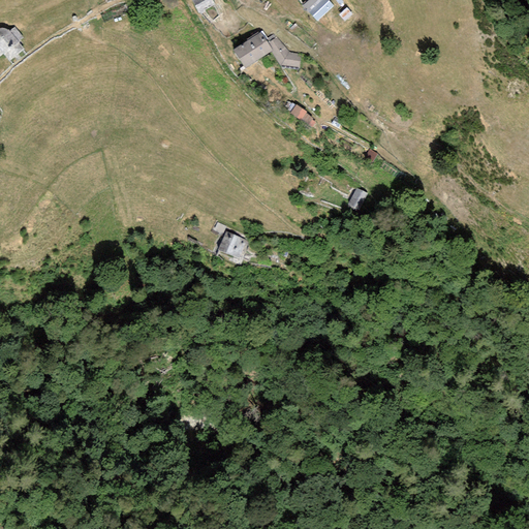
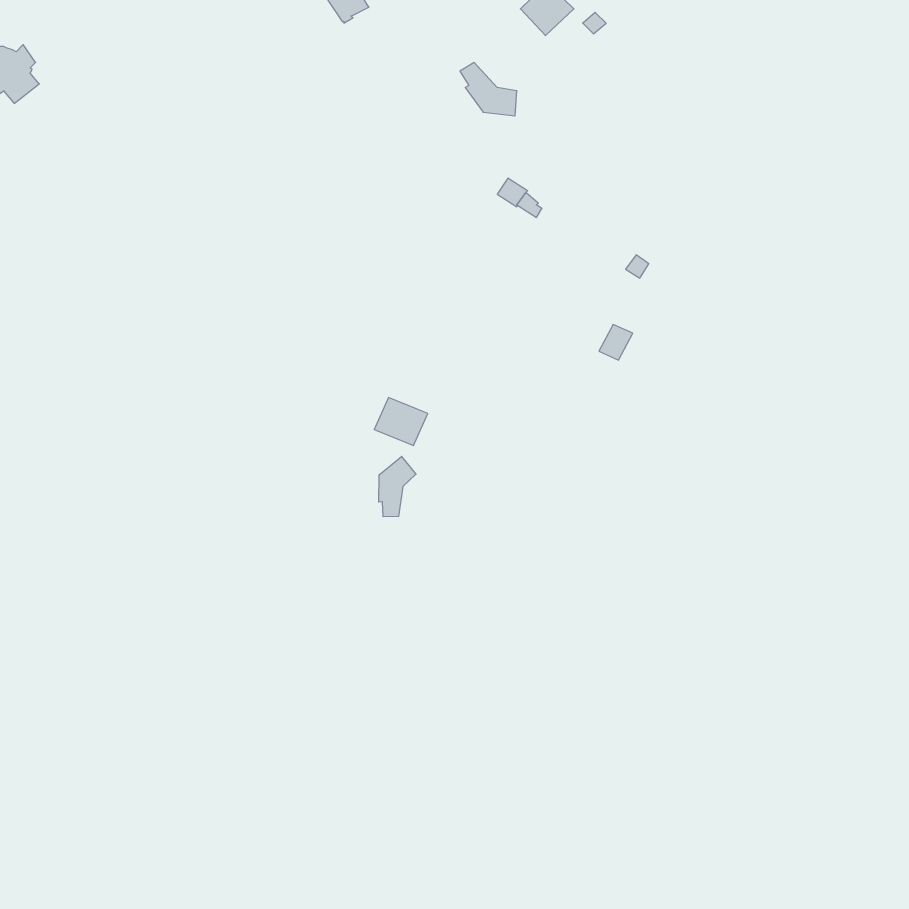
building: [231,31,272,67] -> none
building: none -> [379,456,416,517]

